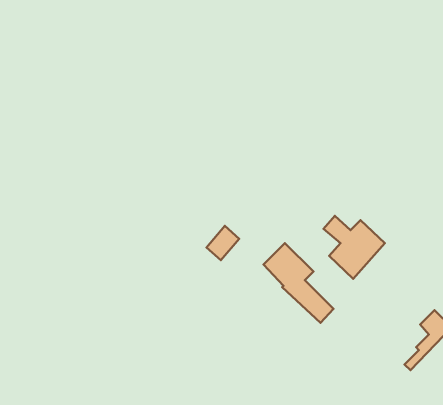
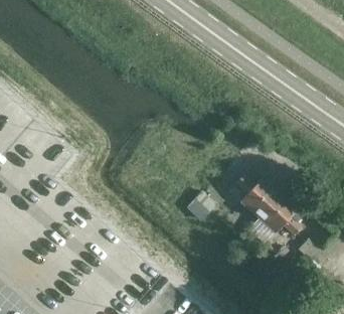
building: none -> [257,189,304,231]

